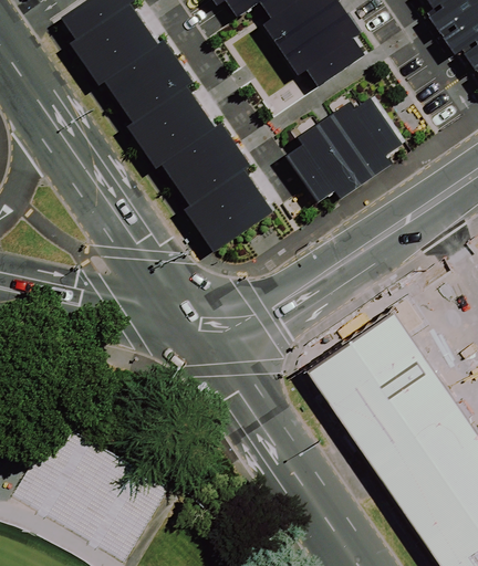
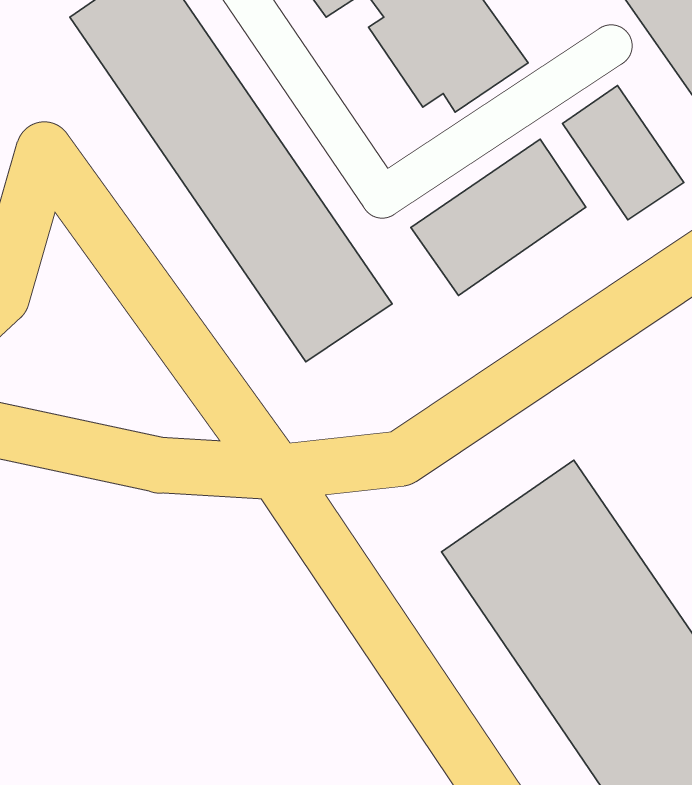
building: none -> [563,86,684,220]

